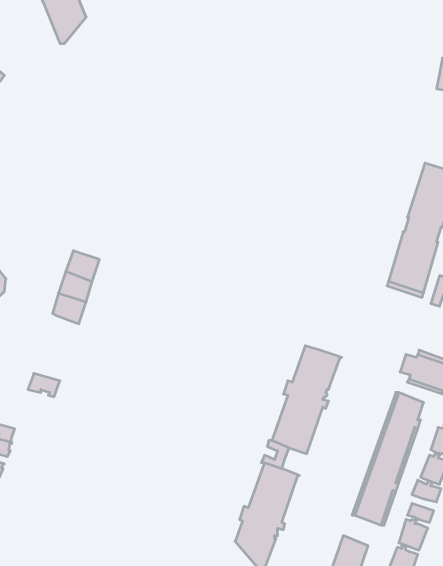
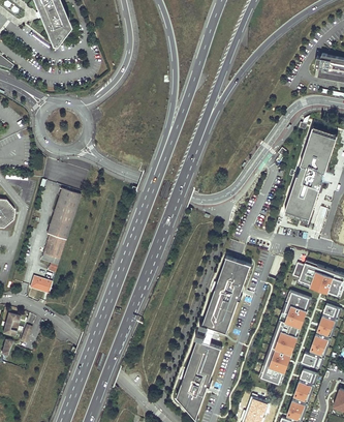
building: none -> [40,236,65,267]

